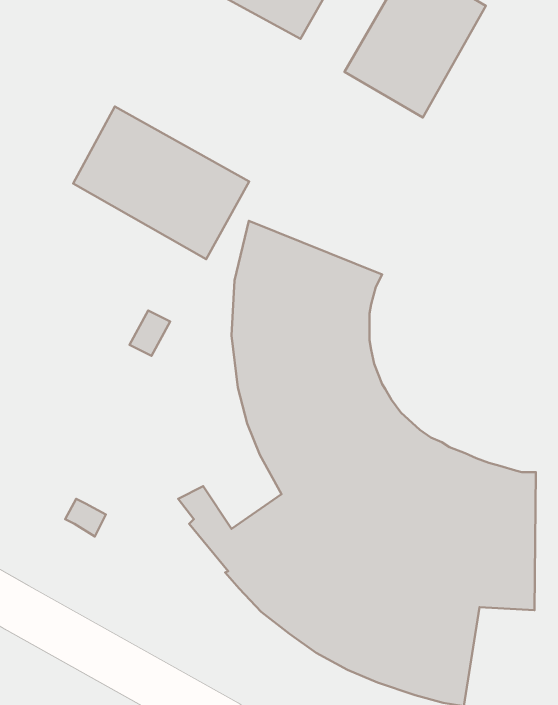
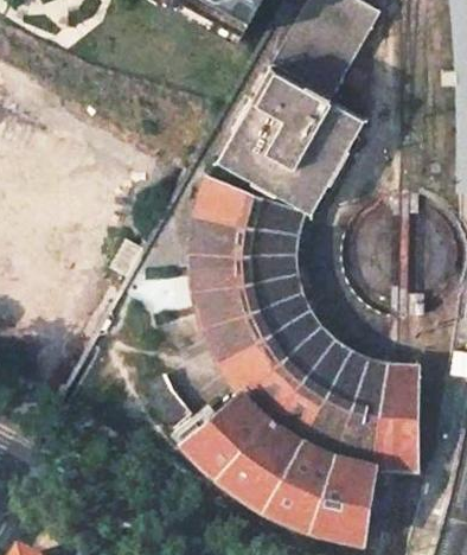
building: none -> [219,68,365,213]
building: [73,107,249,259] -> none

